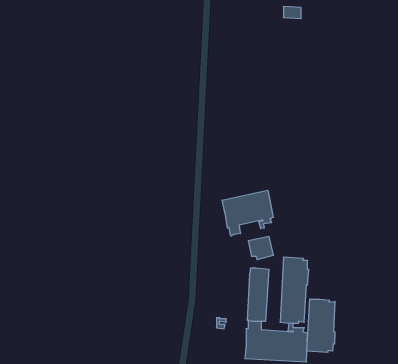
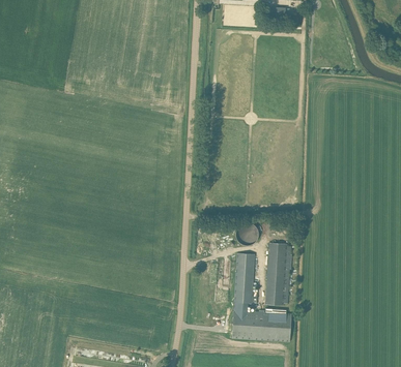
building: [222,190,273,236] -> none
building: [307,299,335,352] -> none

